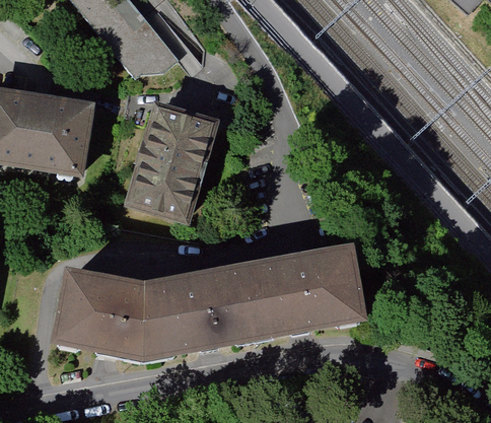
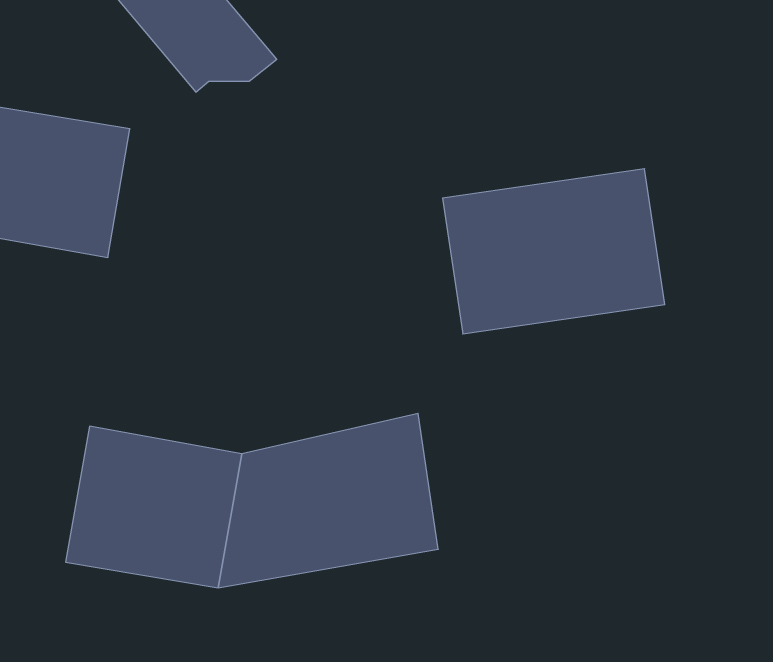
building: [129,111,213,218] -> none
building: [254,243,376,335] -> [443,169,665,334]

